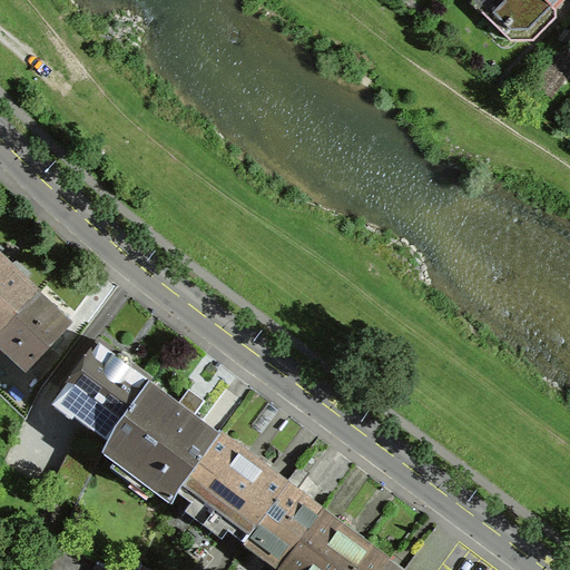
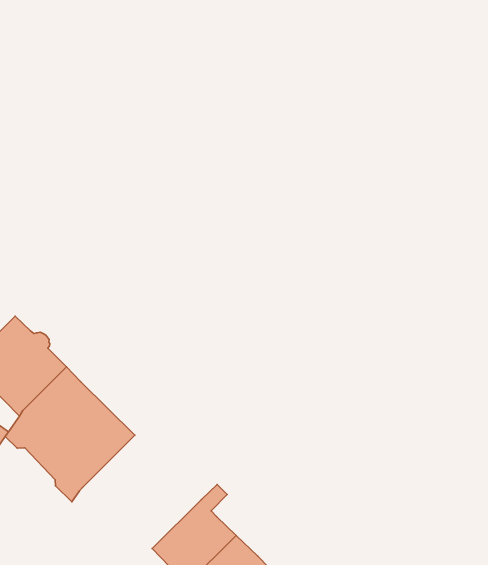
building: [174,434,284,542] -> none

